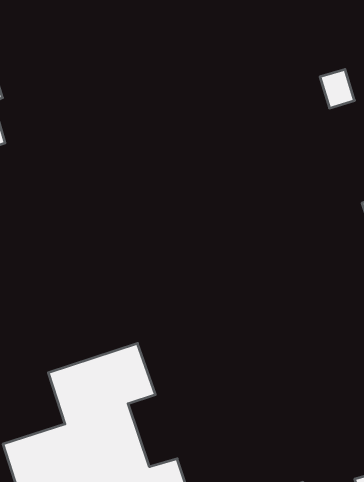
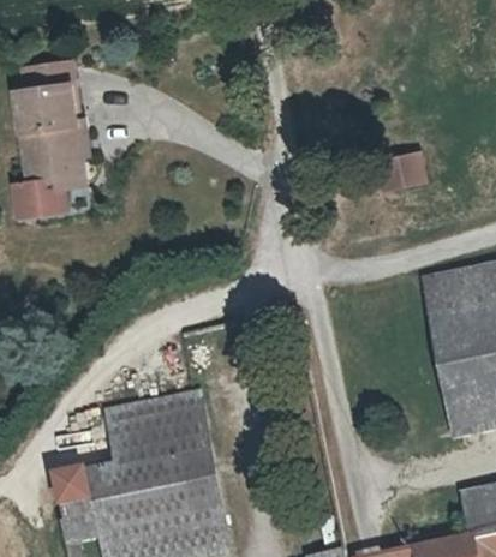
building: none -> [178,444,220,514]

